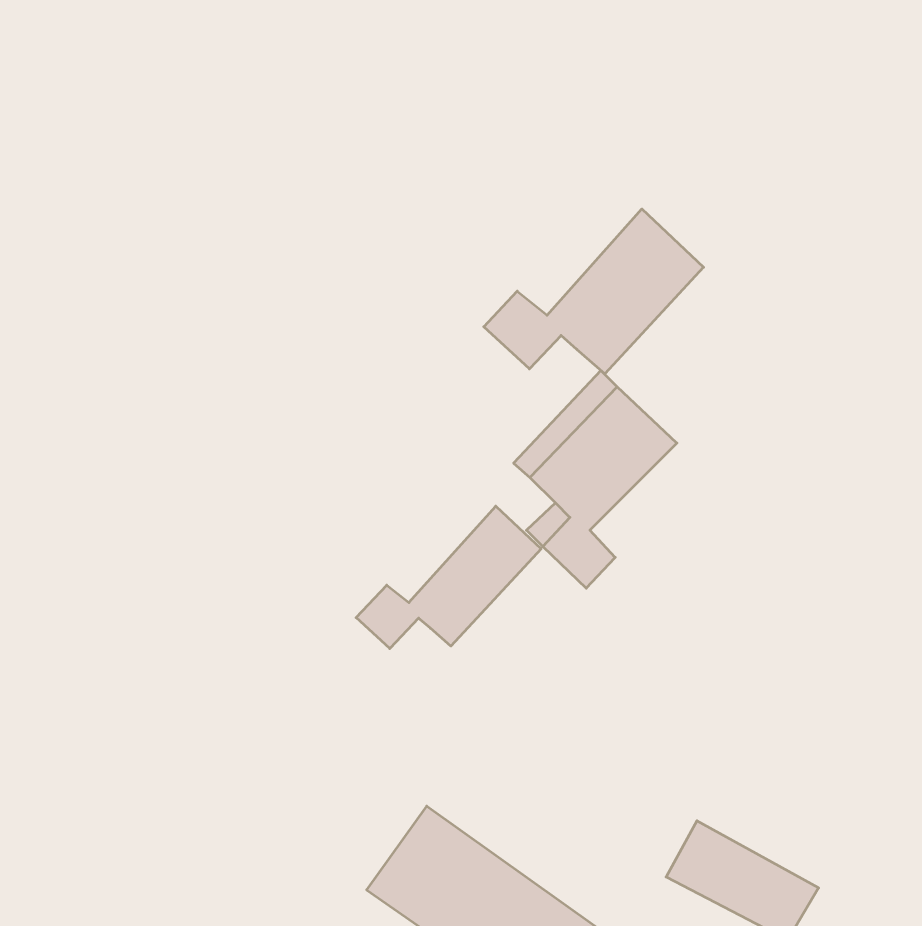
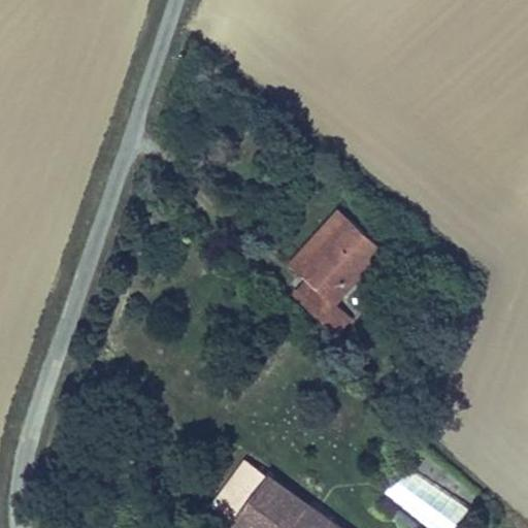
building: [484,209,704,374] -> none
building: [356,506,541,649] -> none

